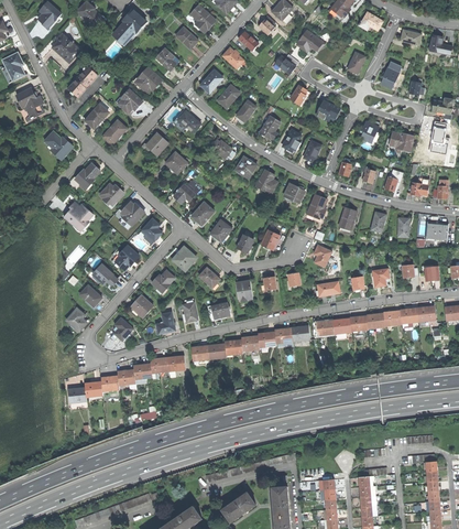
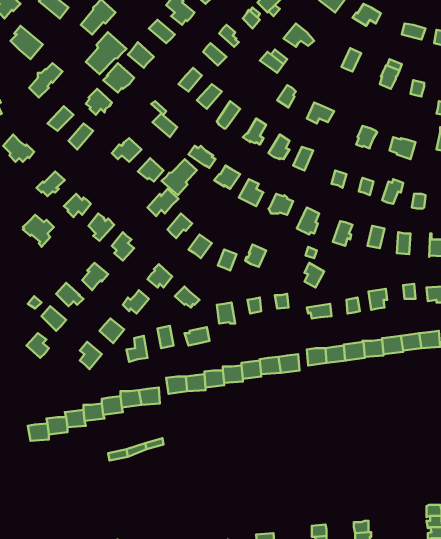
building: none -> [86,32,127,74]
building: none -> [162,159,197,195]

